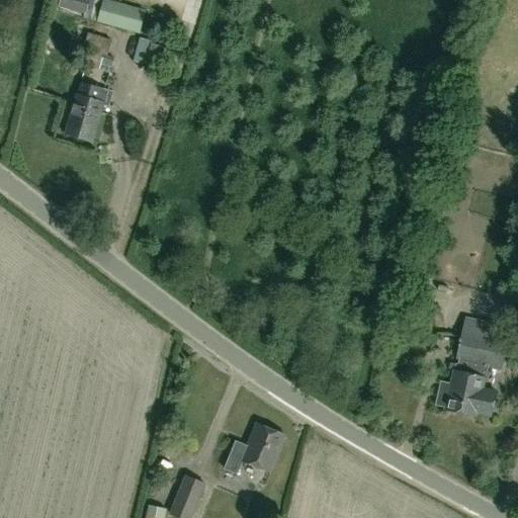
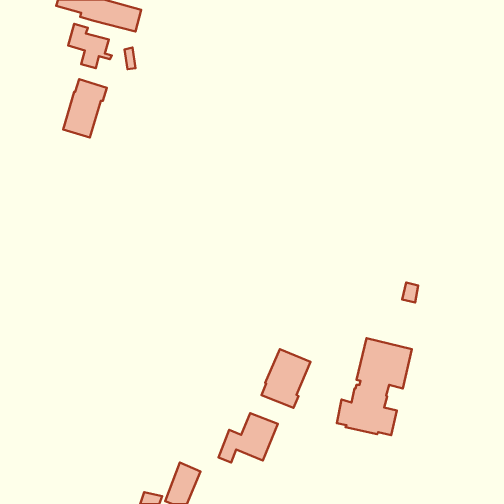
building: [435,317,512,416] -> [337,338,412,435]
building: none -> [261,349,311,408]

